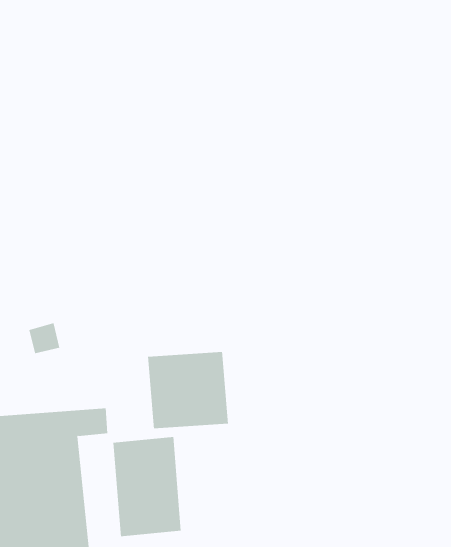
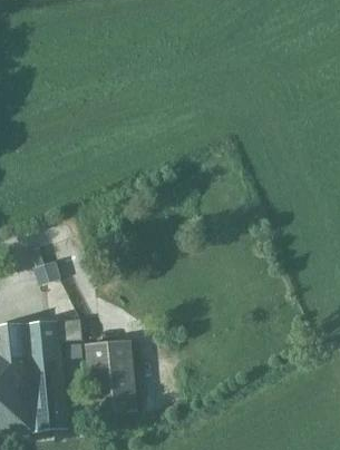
building: [148,351,228,429] -> none

